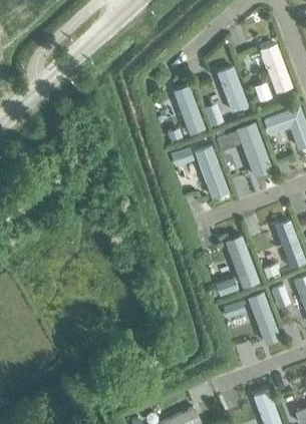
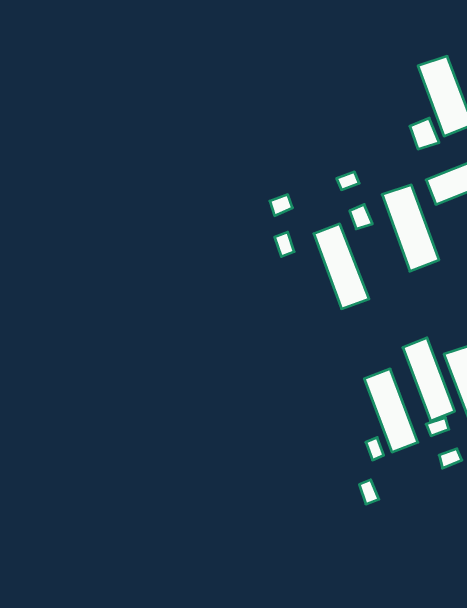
building: [218,68,248,112] -> none
building: [173,87,204,135] -> none
building: [248,293,280,344] -> [403,338,455,421]

